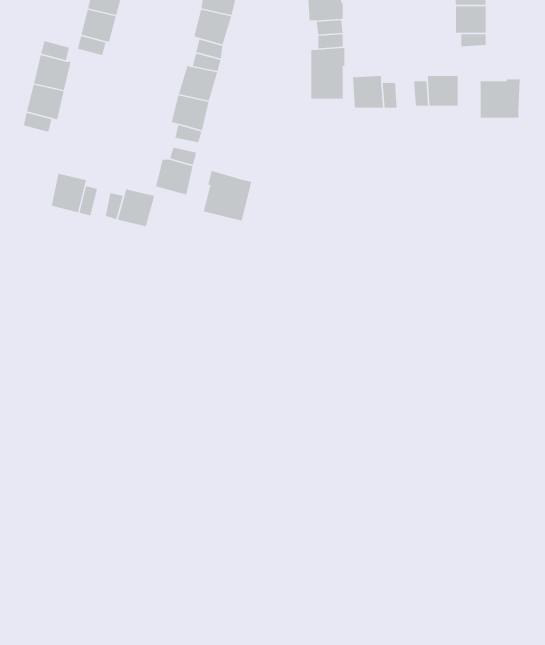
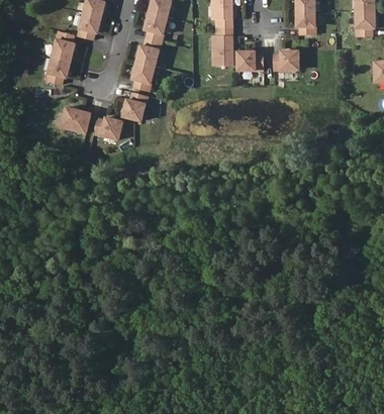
building: [480,79,521,119] -> none
building: [203,170,252,222] -> none

